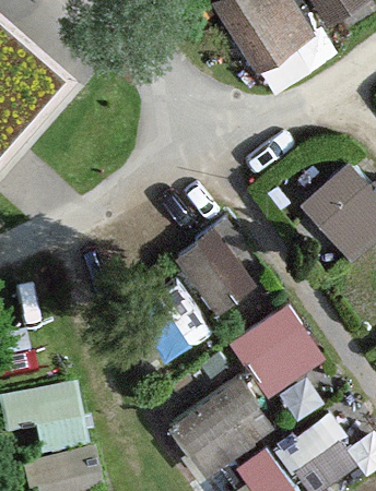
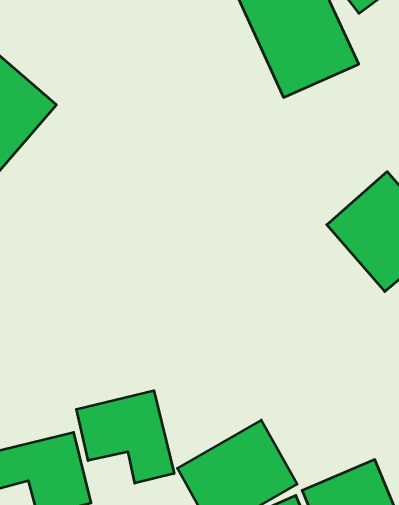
building: [174,218,267,315] -> none
building: [228,300,327,396] -> none
building: none -> [76,391,174,483]

